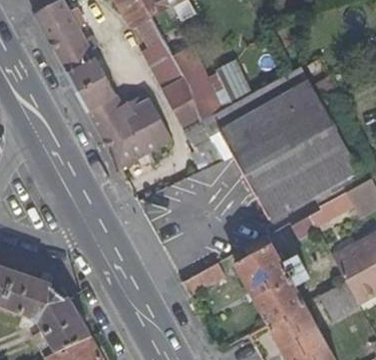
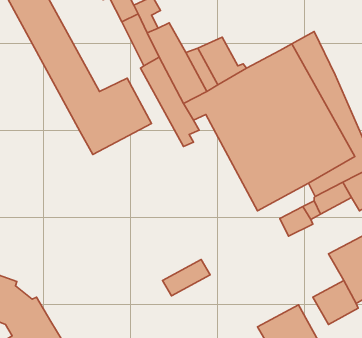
building: [235,235,309,324] -> none

